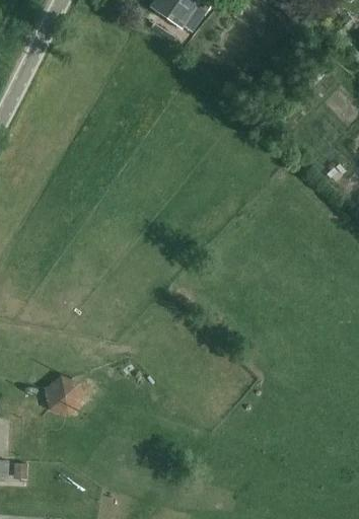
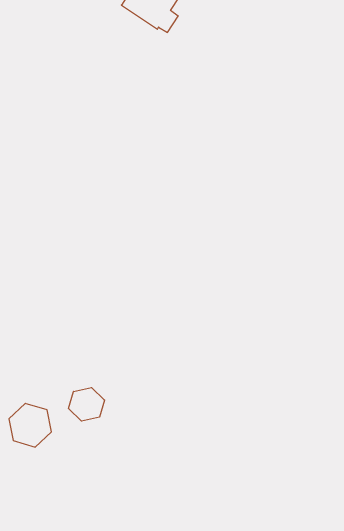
building: none -> [69,388,105,421]

